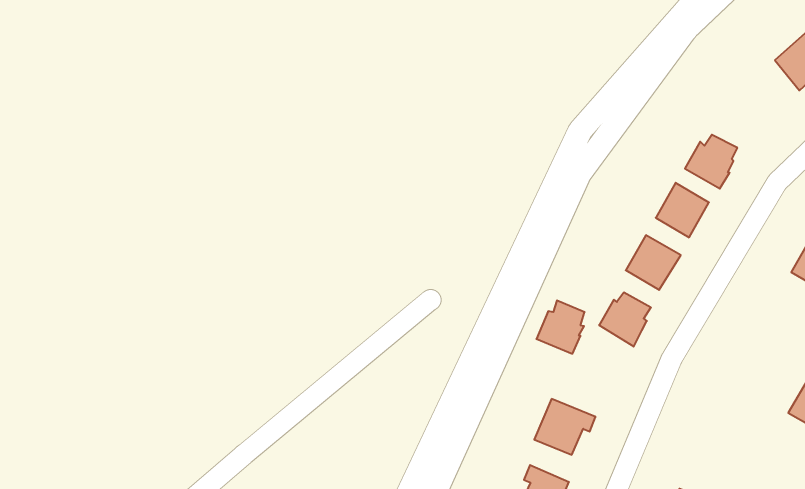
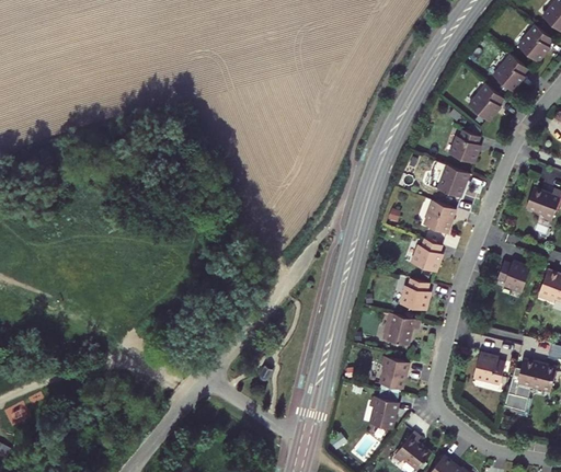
building: none -> [469,84,503,122]
building: [536,300,585,354] -> [403,279,432,311]
building: none -> [496,264,530,293]

